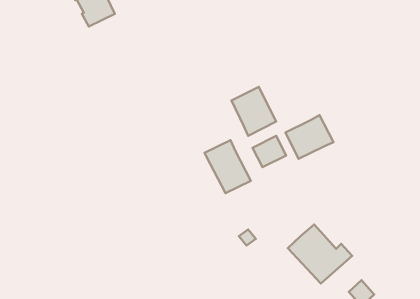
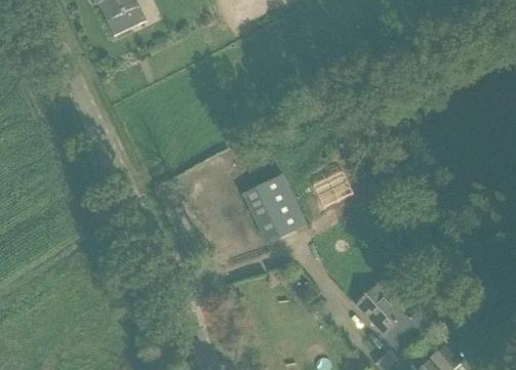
building: [232,87,276,136] -> none
building: [285,115,333,159] -> none

